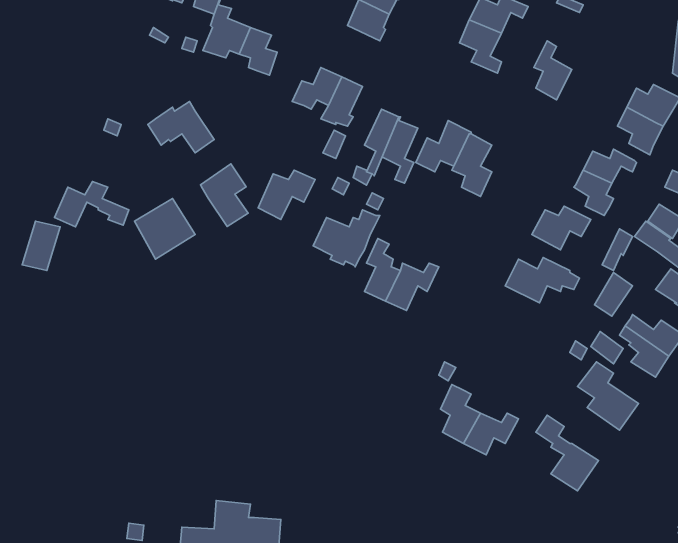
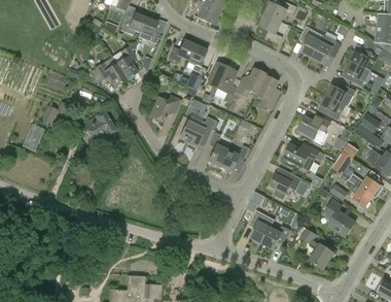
building: none -> [312,34,342,63]
building: [200,164,248,227] -> [112,44,138,78]
building: none -> [270,166,309,199]

